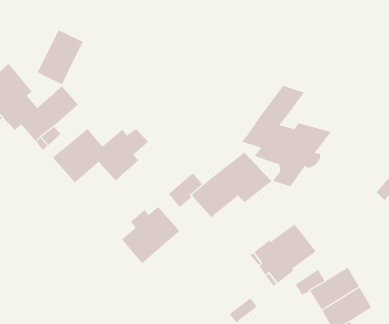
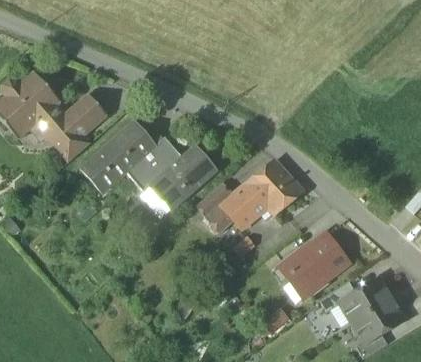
building: [37,29,83,86] -> none
building: [241,85,331,187] -> none
building: none -> [115,120,150,155]
building: [121,206,180,264] -> [153,148,213,207]

